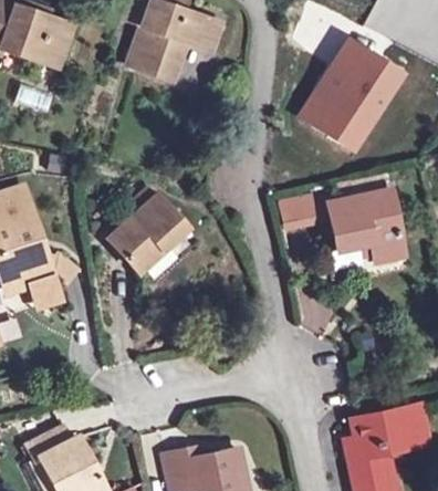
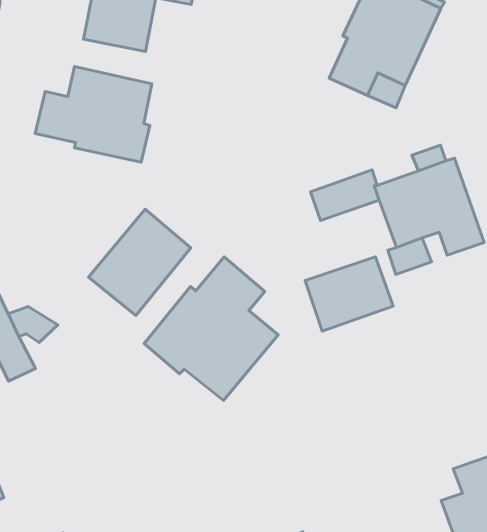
building: none -> [35,67,152,162]
building: none -> [144,257,278,400]
building: none -> [305,257,393,331]

